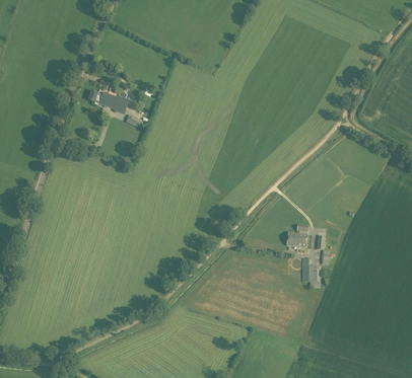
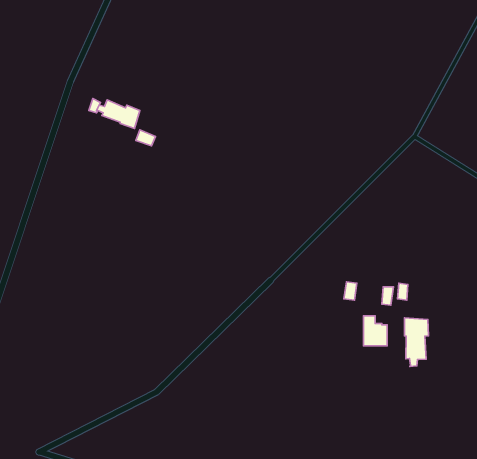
building: none -> [405,318,429,367]

